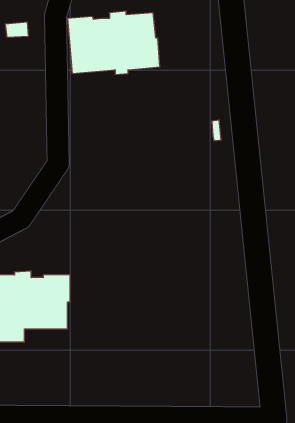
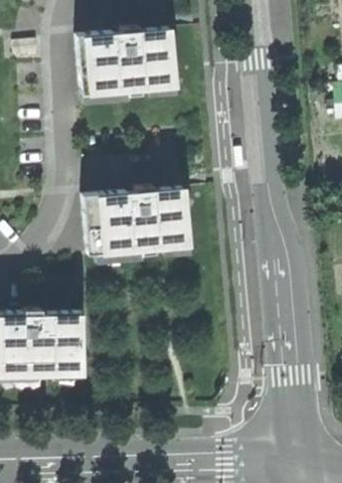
building: none -> [84,186,192,255]

